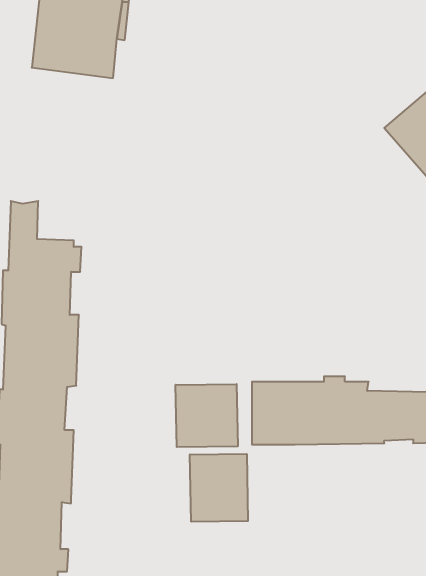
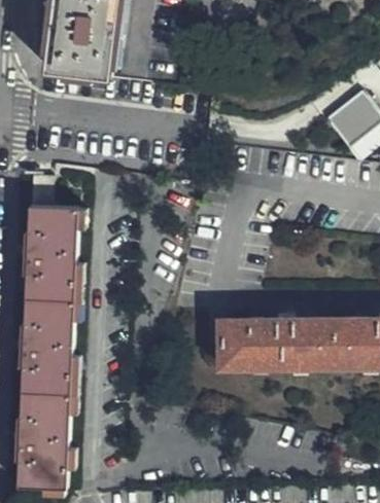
building: [176,384,238,447] -> none
building: [190,454,248,522] -> none

